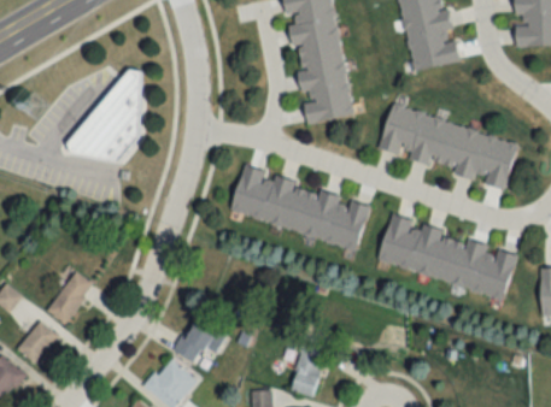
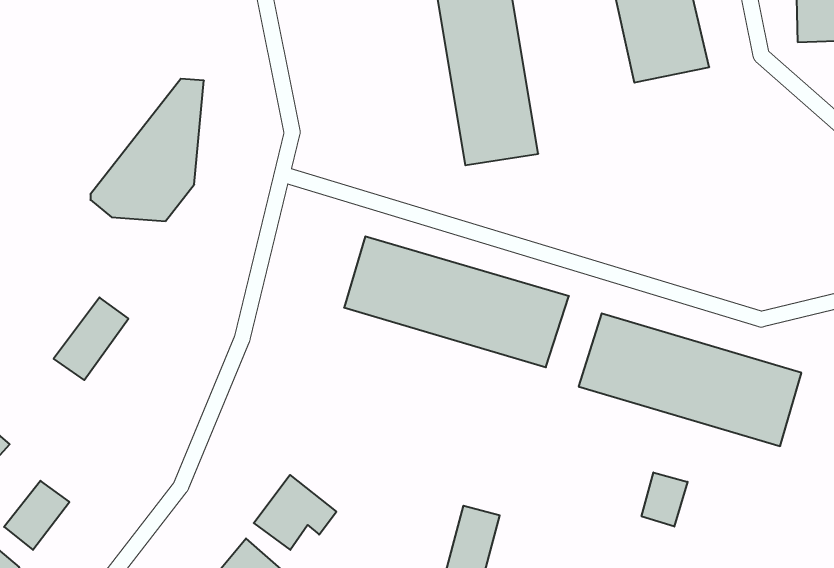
building: [379,105,518,187] -> none
building: [47,271,94,323] -> [54,297,128,380]
building: none -> [642,472,688,527]

